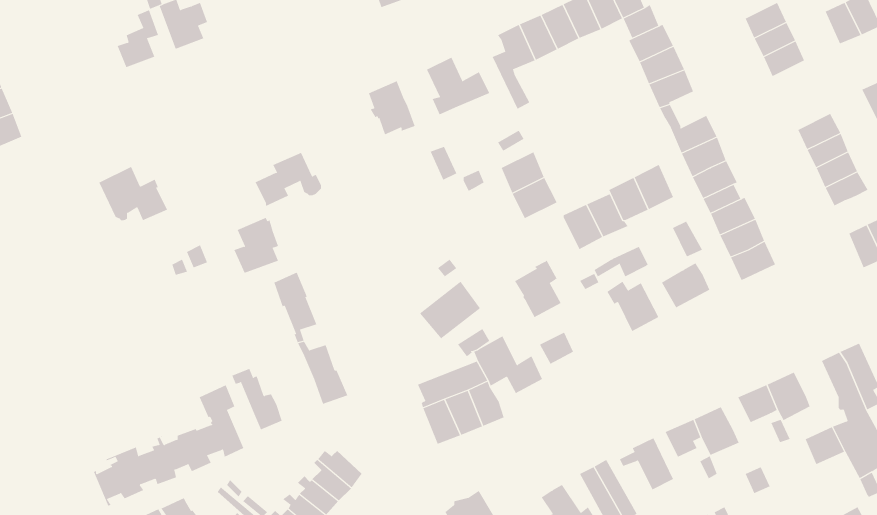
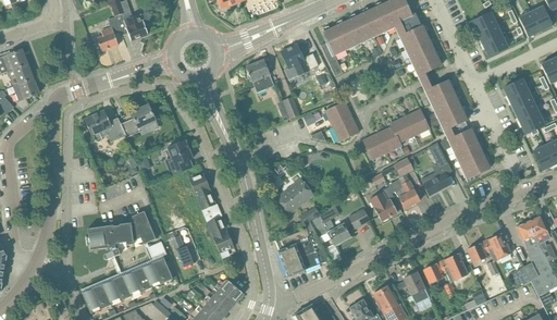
building: [254,152,322,207] -> [120,106,160,138]
building: [514,259,562,318] -> [369,186,397,221]
building: none -> [85,211,156,259]

